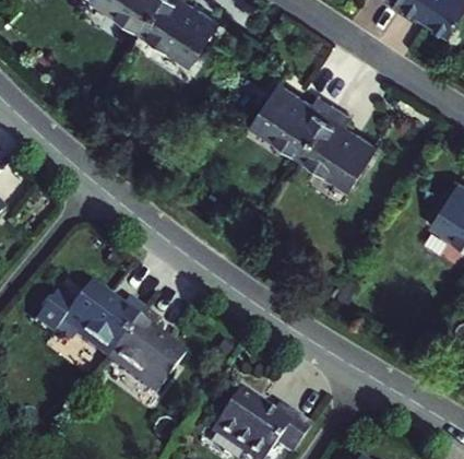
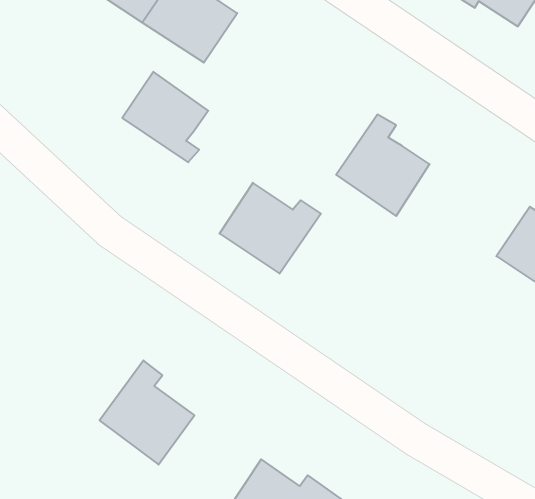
building: none -> [122,72,208,162]
building: [250,82,333,156] -> [219,183,321,274]
building: [34,283,142,357] -> none

